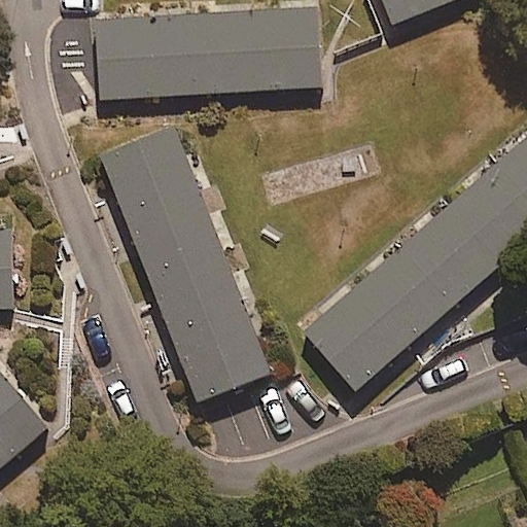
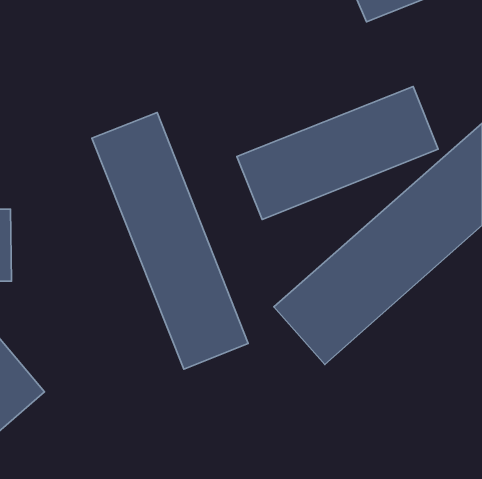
building: [95,9,321,99] -> none
building: none -> [237,87,438,220]

